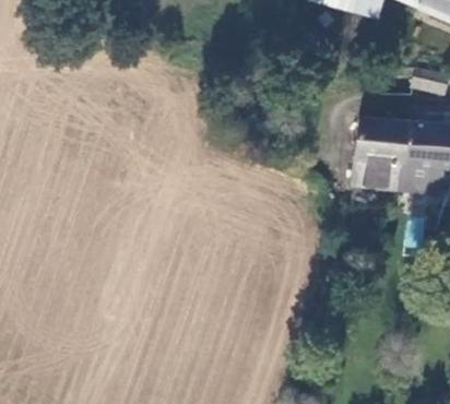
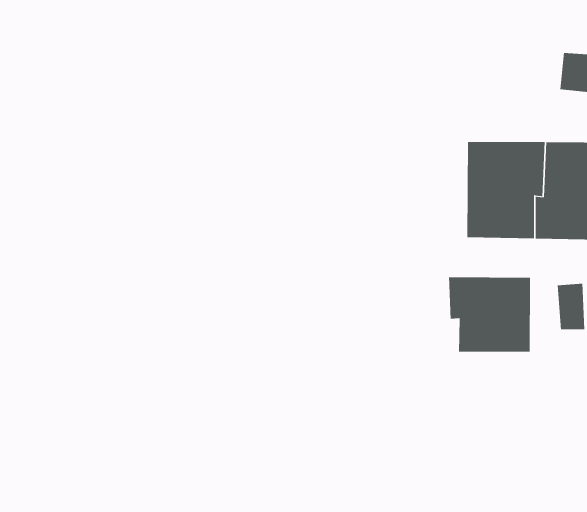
building: none -> [449,276,531,353]

